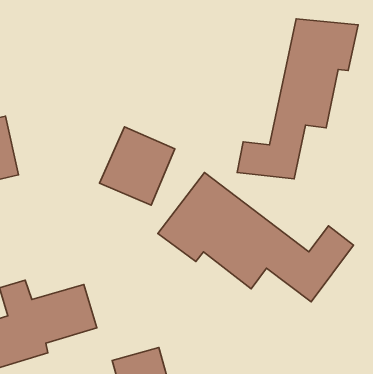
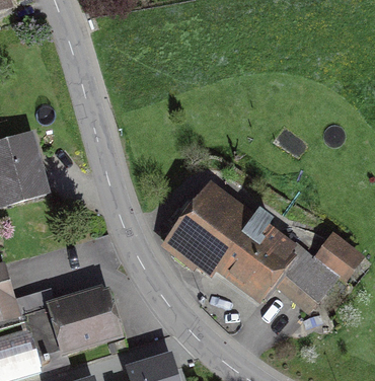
building: [237,19,358,179] -> none
building: [100,127,175,205] -> none

